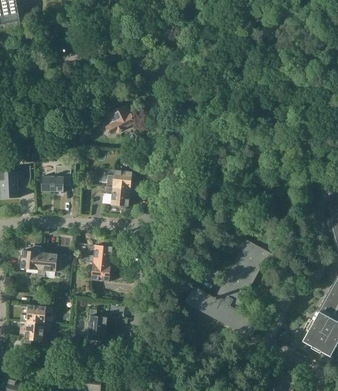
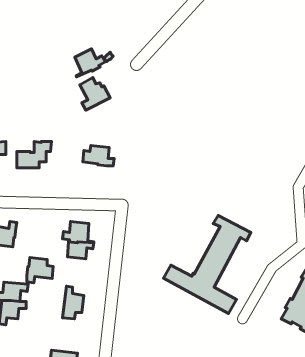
building: none -> [75,49,105,77]
building: [105,185,130,206] -> none
building: [37,251,63,276] -> [27,257,53,283]

